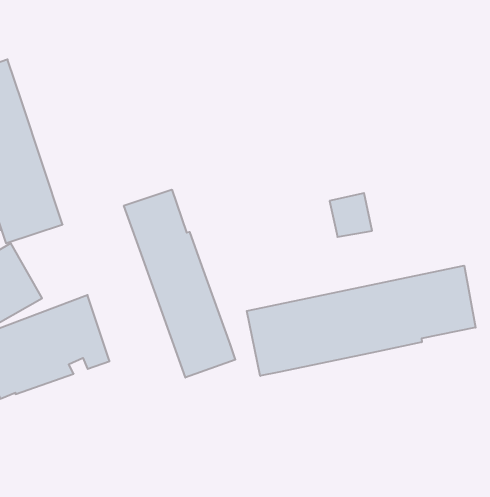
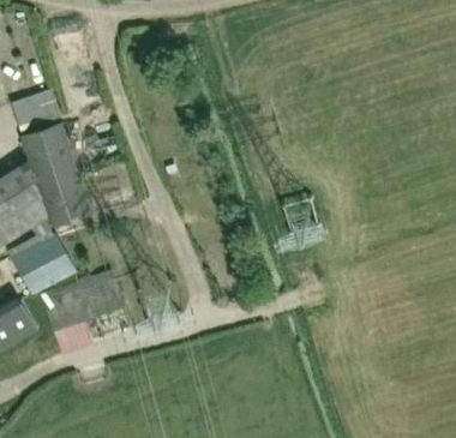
building: [124,190,235,378] -> none
building: [247,266,476,376] -> none

